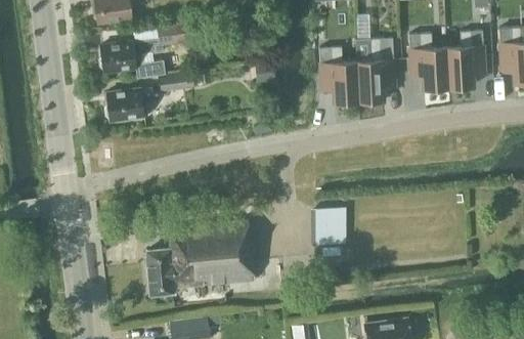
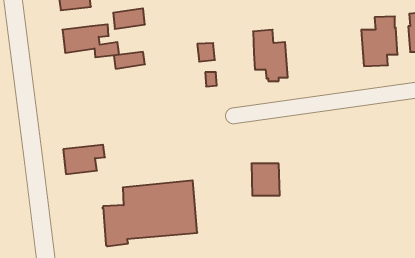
building: [408,33,447,90] -> none
building: [355,38,395,104] -> none
building: [105,87,154,121] -> [63,145,105,174]

